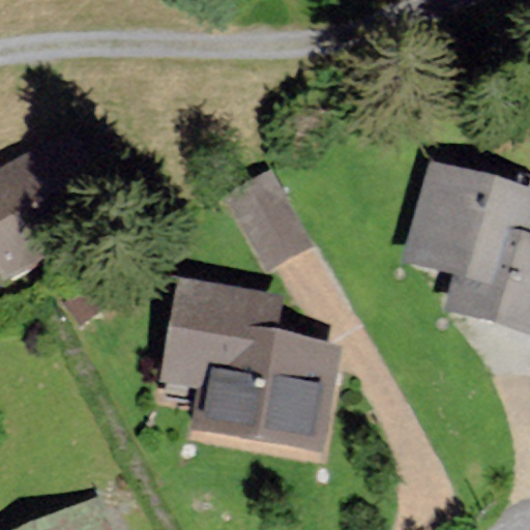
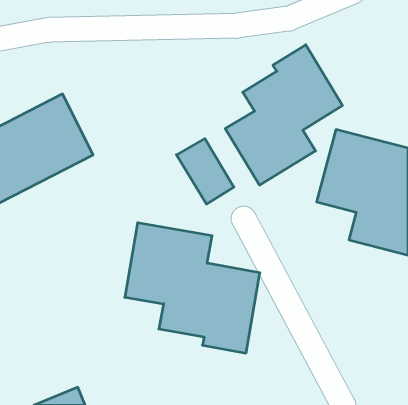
building: none -> [225,45,342,185]

